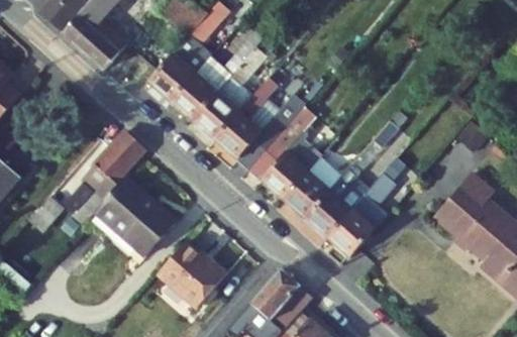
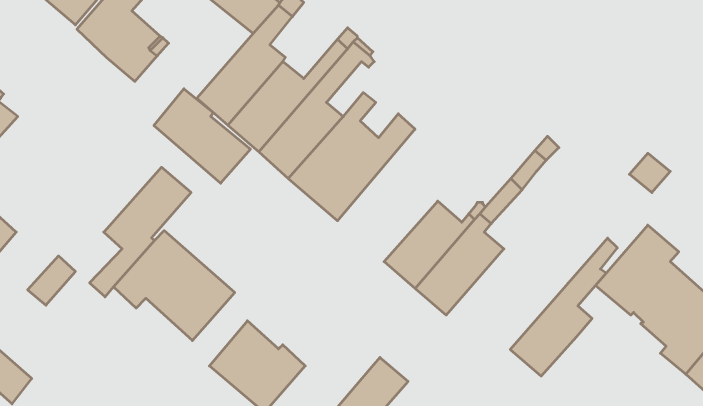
building: none -> [154,89,250,183]
building: [249,106,321,200] -> none
building: [327,158,404,257] -> [510,238,617,376]

